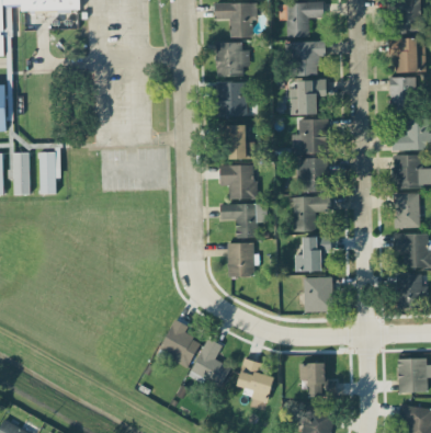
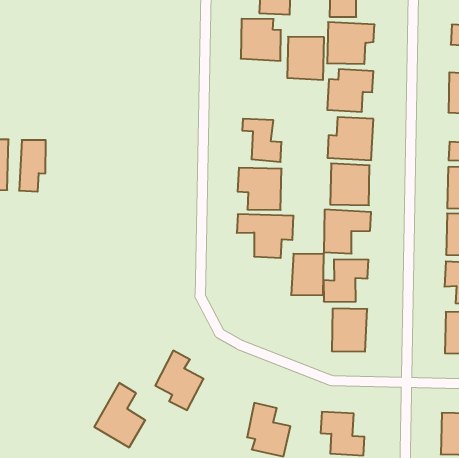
building: [216,81,247,116] -> [287,37,324,80]
building: [227,242,253,277] -> [291,254,324,295]
building: [189,338,230,390] -> [94,383,145,447]

